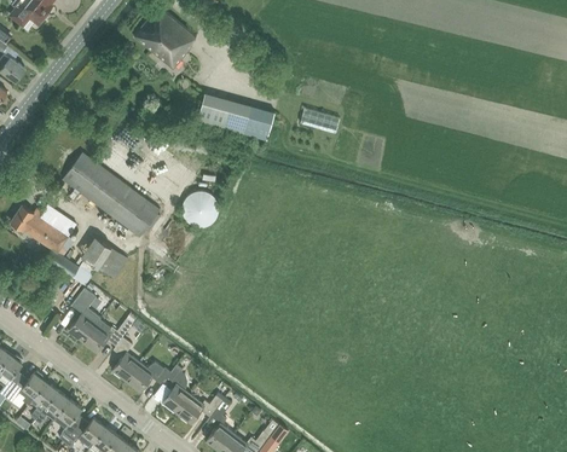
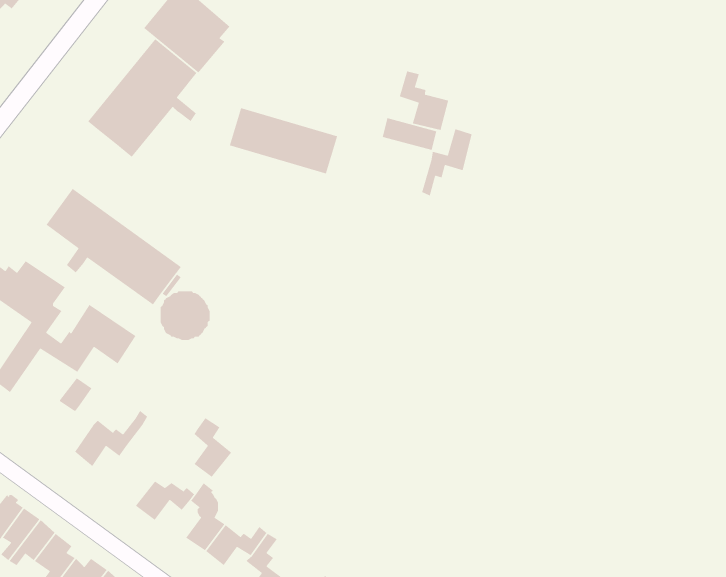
building: none -> [87,38,198,158]
building: none -> [399,71,449,131]
building: none -> [421,128,473,196]
building: [181,191,218,227] -> [160,290,210,341]
building: [68,308,100,342] -> none
building: [112,337,140,381] -> [194,417,232,478]

